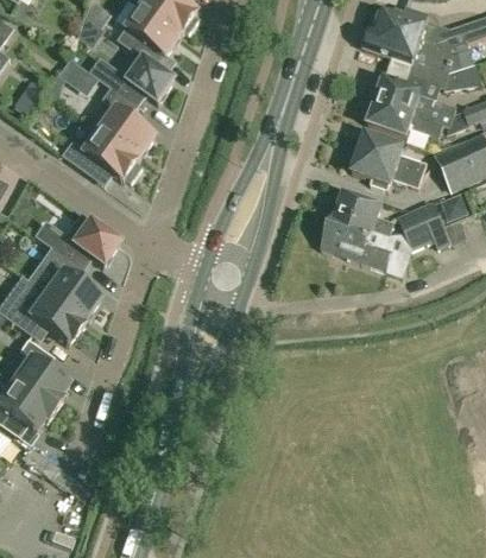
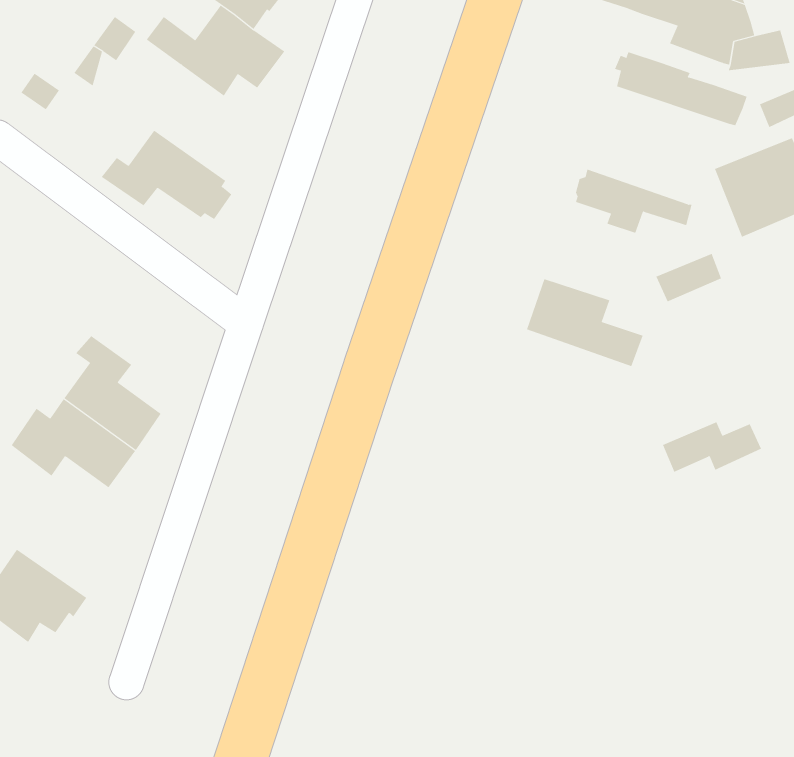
building: [95,87,156,157] -> none
building: [365,100,443,137] -> none
building: [358,132,425,171] -> none
building: [332,192,392,234] -> none
building: [34,214,119,268] -> none
building: [406,216,467,247] -> [662,421,762,472]
building: [12,337,69,410] -> none

